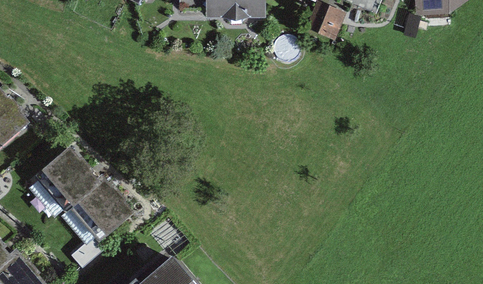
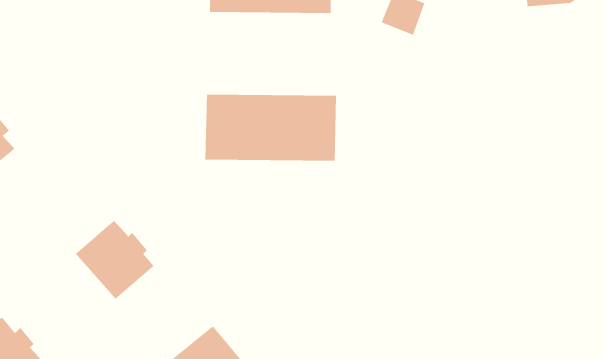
building: none -> [205,94,337,162]
building: [36,146,93,204] -> none

